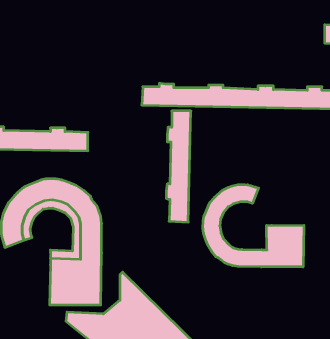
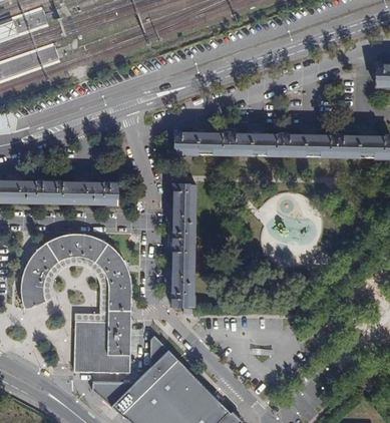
building: [166,111,191,222] -> [168,183,196,306]
building: [203,185,304,267] -> none

